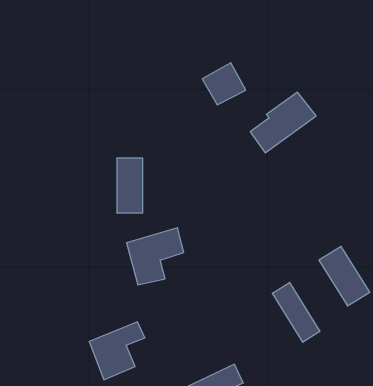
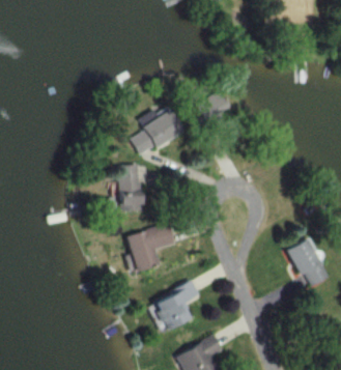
building: [250,92,316,153] -> [131,107,186,158]
building: [272,282,320,342] -> none
building: [89,322,145,380] -> [154,283,201,332]

